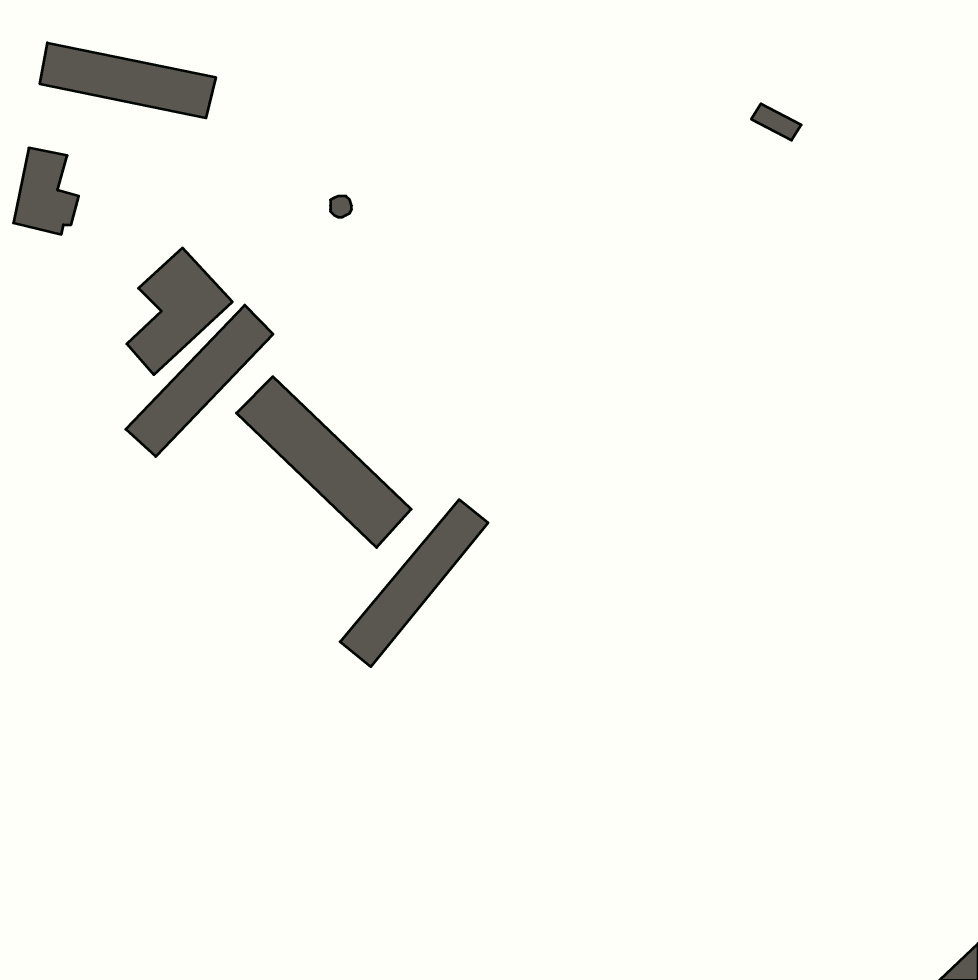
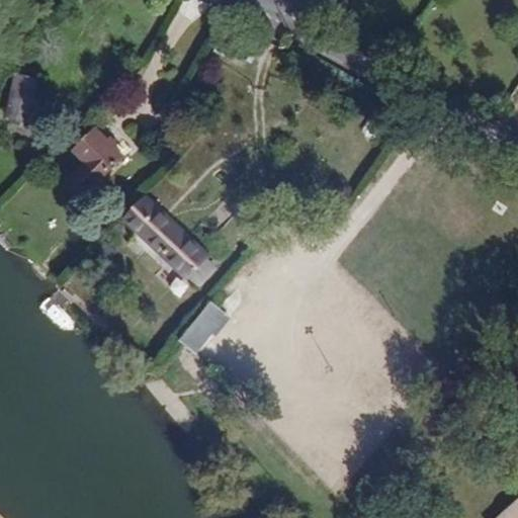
building: [40,43,216,118] -> none
building: [126,305,273,457] -> none

